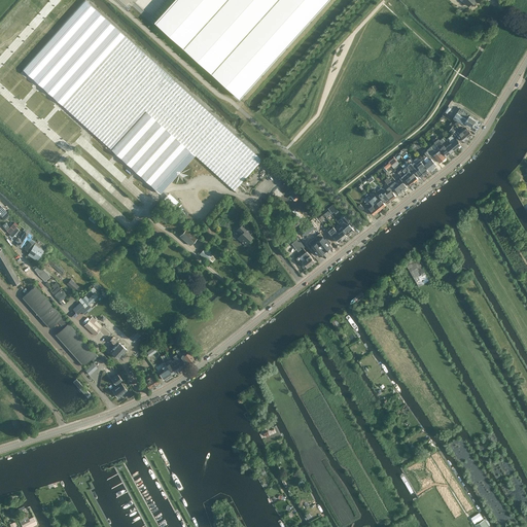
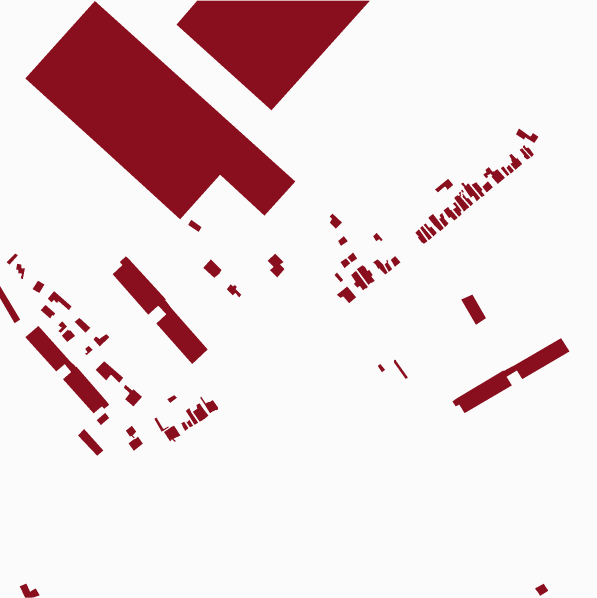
building: none -> [112,256,208,365]
building: none -> [452,337,571,414]

